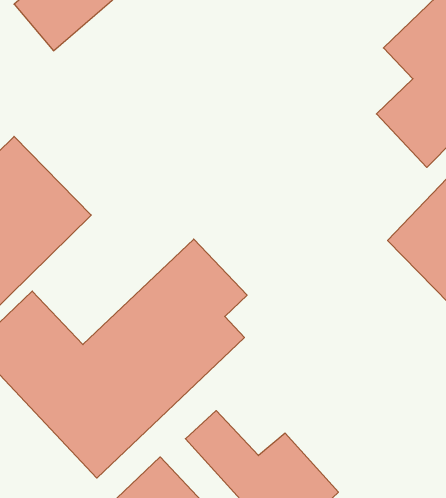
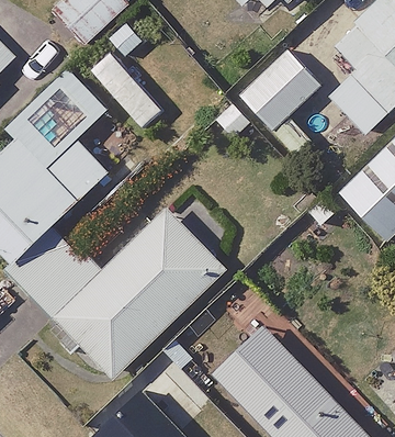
building: none -> [242,47,325,155]

